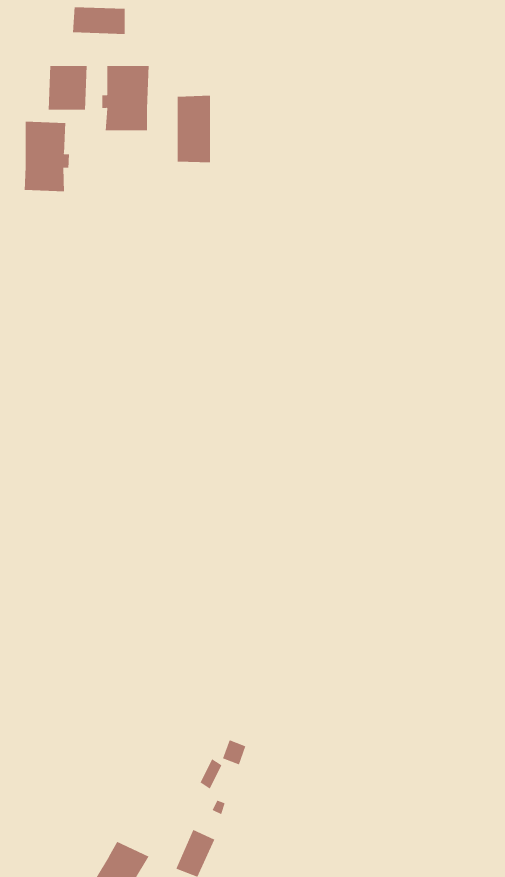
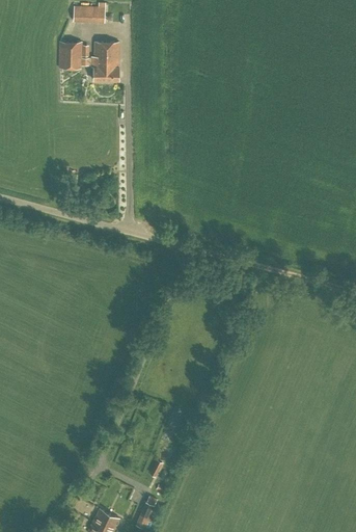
building: [177,95,211,163] -> none
building: [24,121,69,192] -> none

